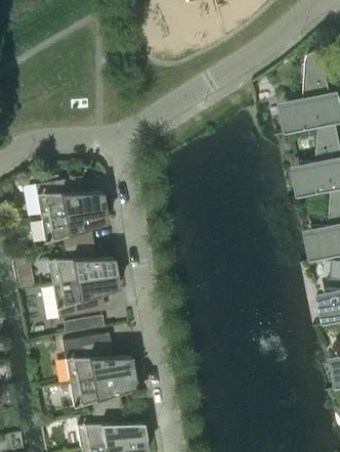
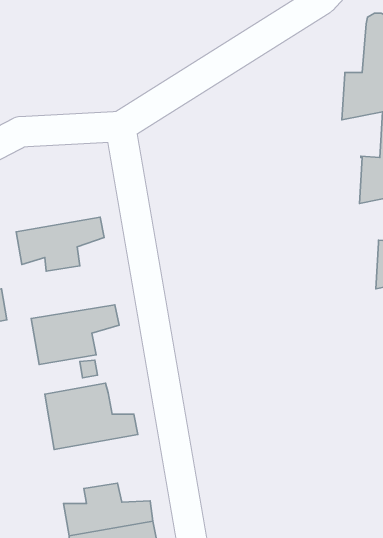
building: [34,177,103,219] -> none
building: [47,244,115,284] -> none
building: [69,372,135,413] -> none

